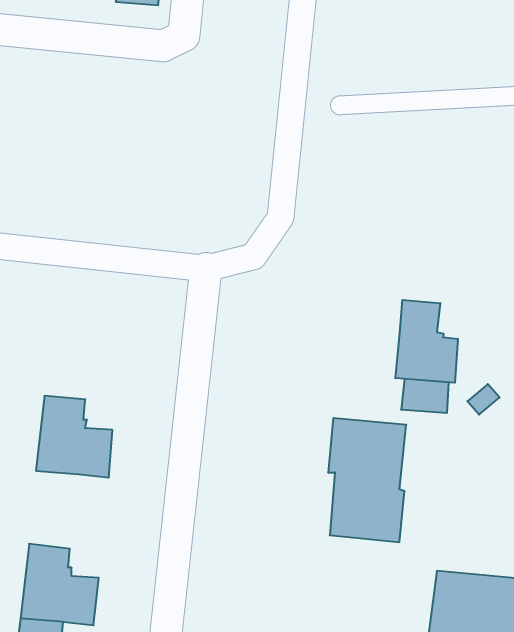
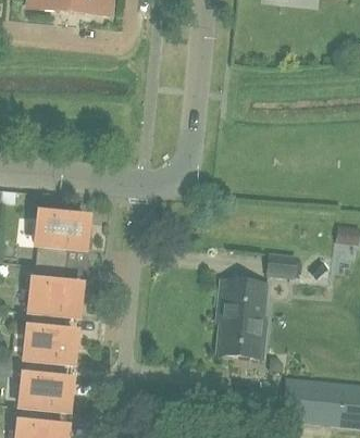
building: [395,300,458,383] -> none
building: none -> [29,204,86,267]
building: none -> [26,313,75,364]

